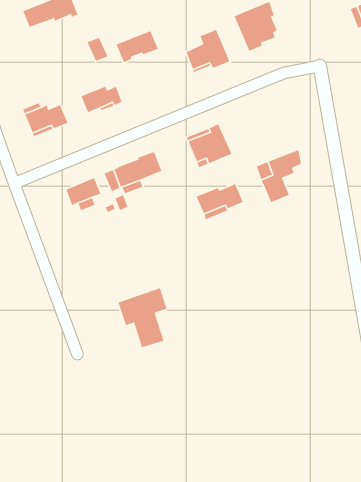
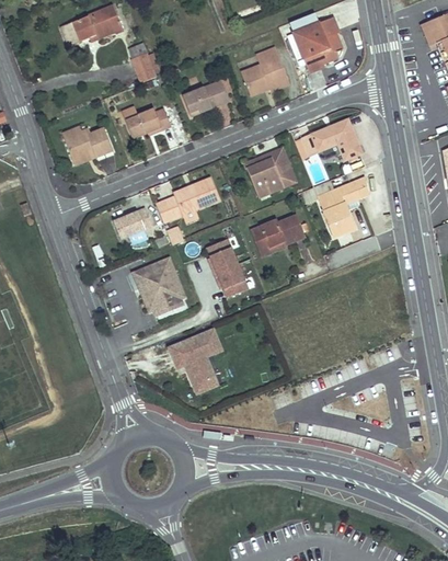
building: [116,30,159,63] -> [184,79,231,115]
building: none -> [308,119,359,160]
building: none -> [206,238,246,298]
building: none -> [130,257,182,311]

